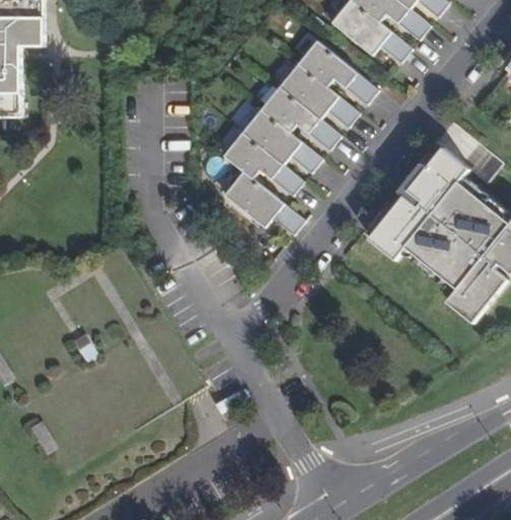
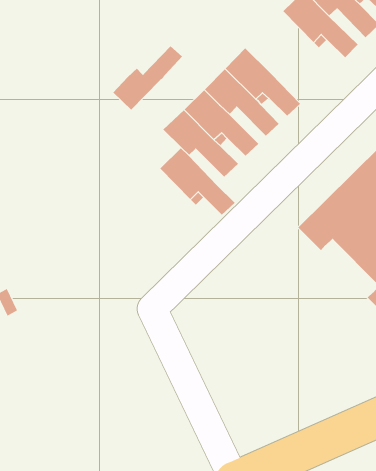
building: [297,39,377,105] -> none
building: none -> [113,45,183,111]

